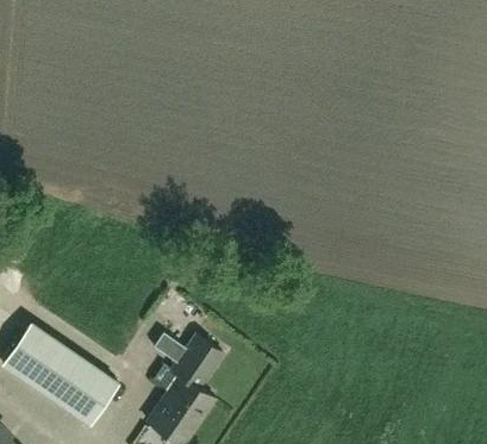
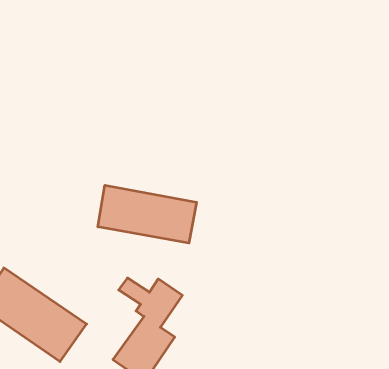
building: none -> [98,185,197,243]

